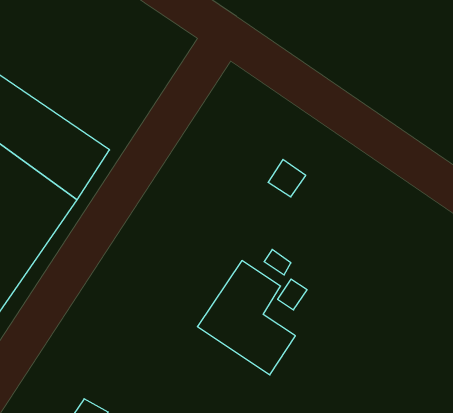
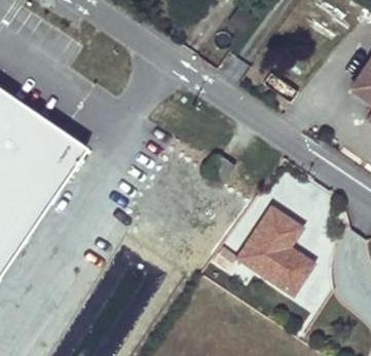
building: [197,261,295,375] -> [237,204,312,291]

